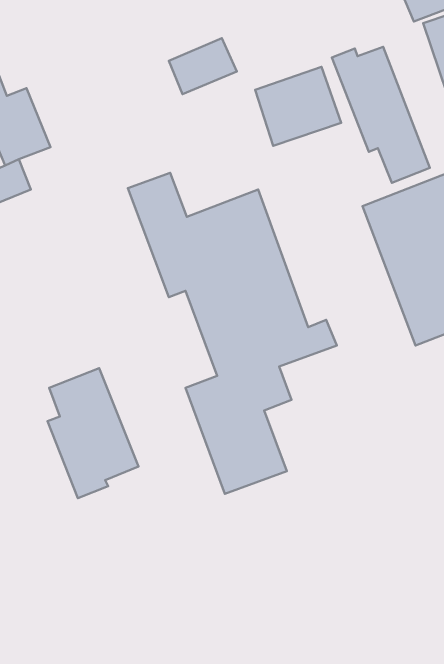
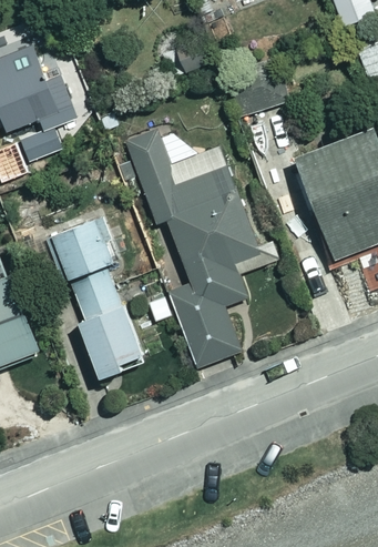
building: [332,47,430,183] -> none
building: none -> [40,211,110,292]

